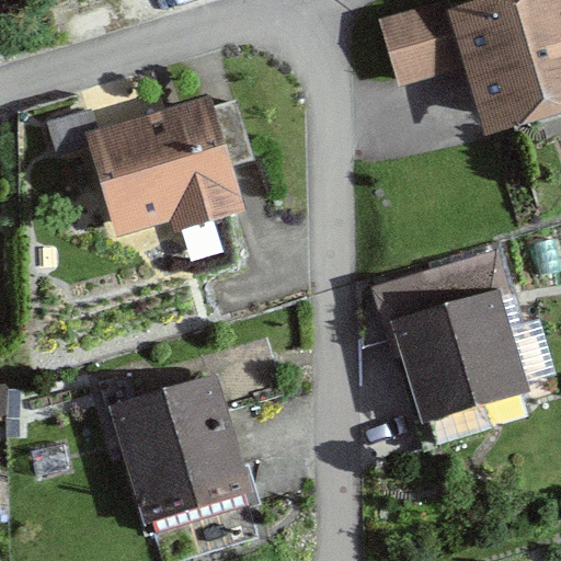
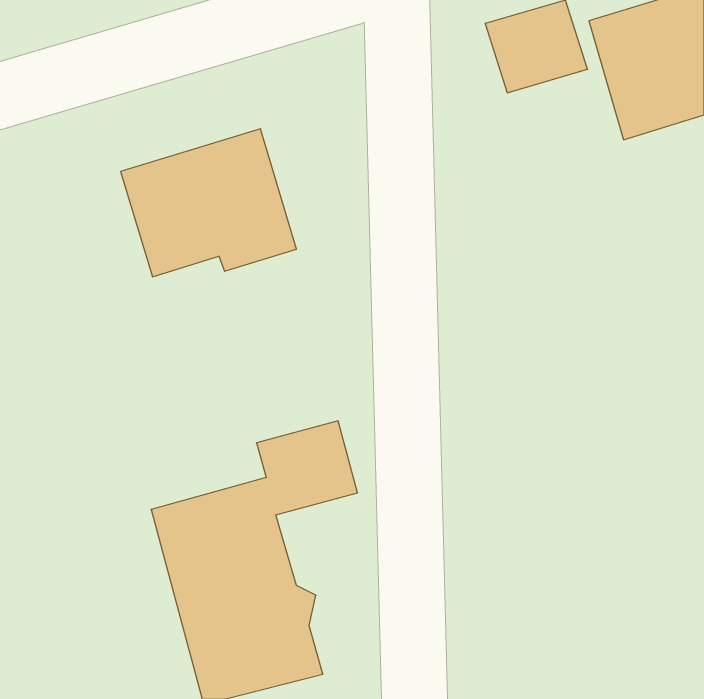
building: [380,276,528,437] -> none

